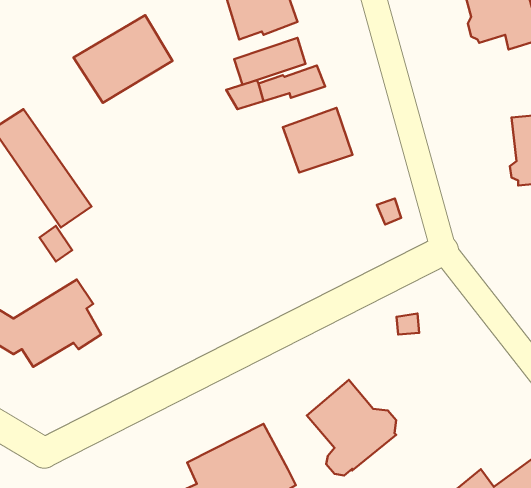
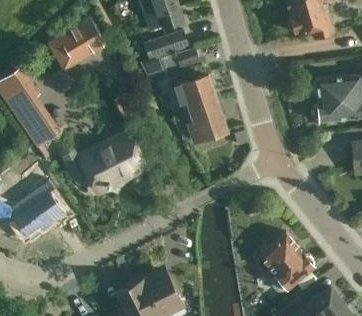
building: none -> [185,102,227,141]
building: none -> [62,133,144,191]
building: [307,380,396,475] -> [260,234,315,293]

